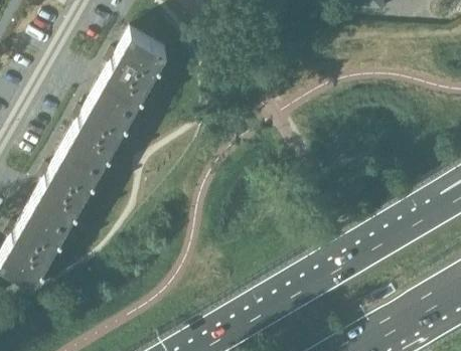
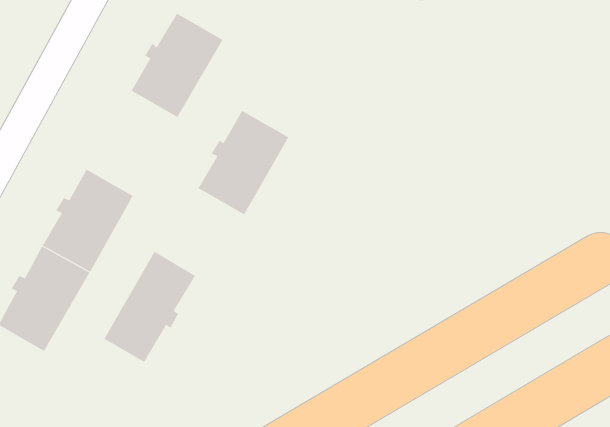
building: [67,91,136,169] -> [198,110,289,215]
building: none -> [104,251,196,363]

